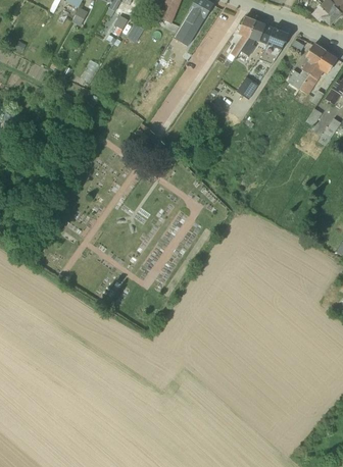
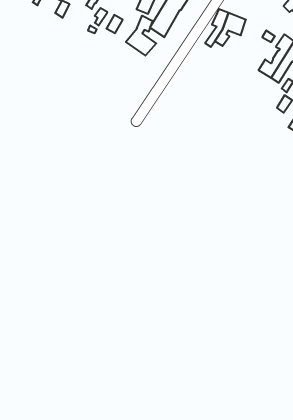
building: none -> [126,16,156,56]
building: [258,28,289,63] -> none

